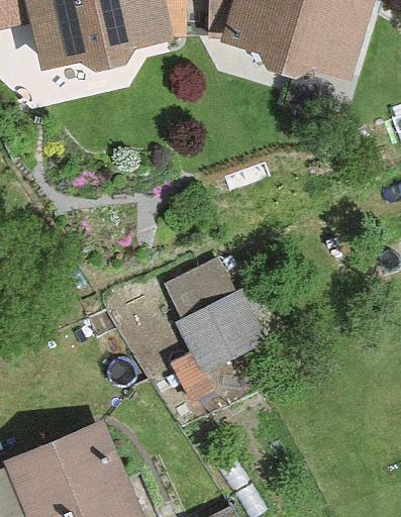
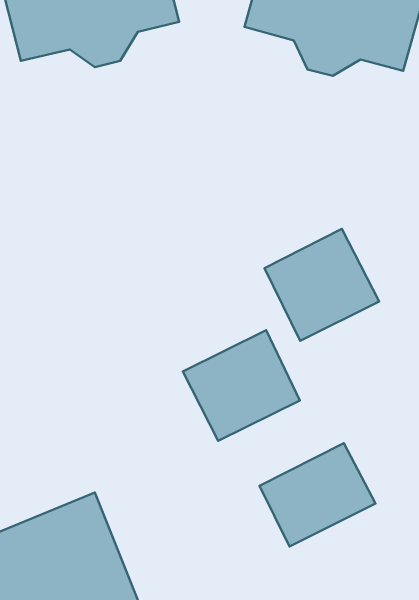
building: none -> [264,229,379,341]
building: none -> [260,443,375,547]

